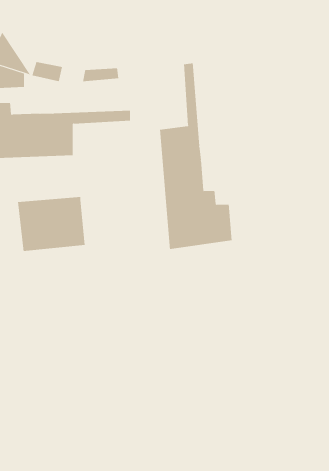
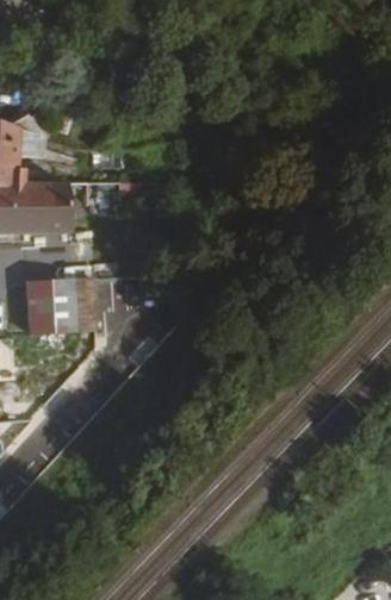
building: [159,63,232,250] -> none

